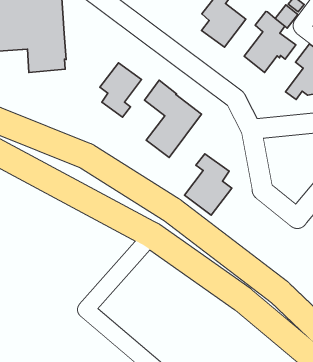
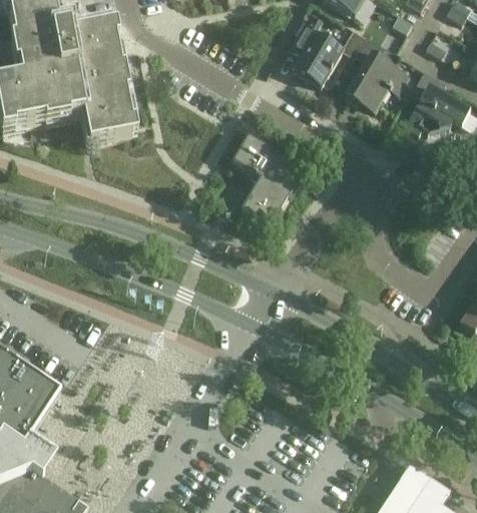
building: [100,63,141,117] -> none
building: [185,154,232,215] -> none

